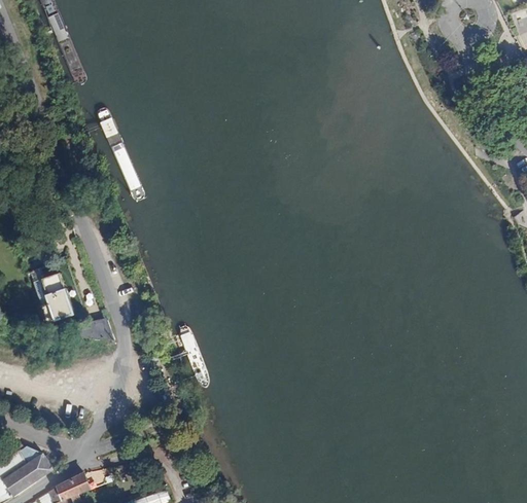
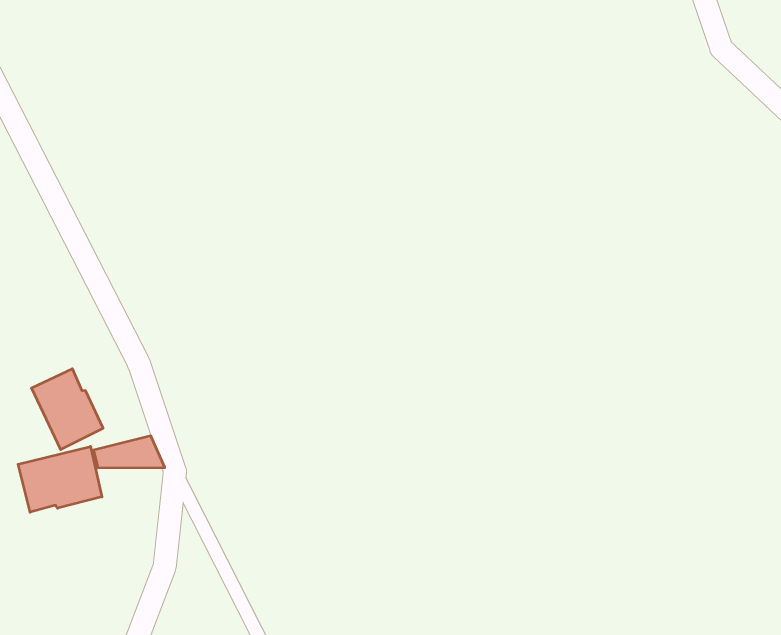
building: none -> [18,446,102,512]

